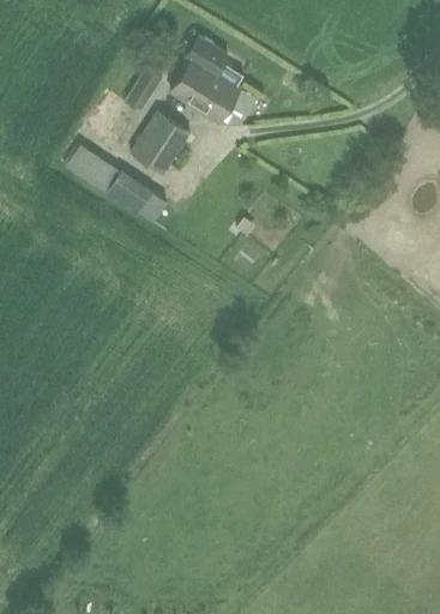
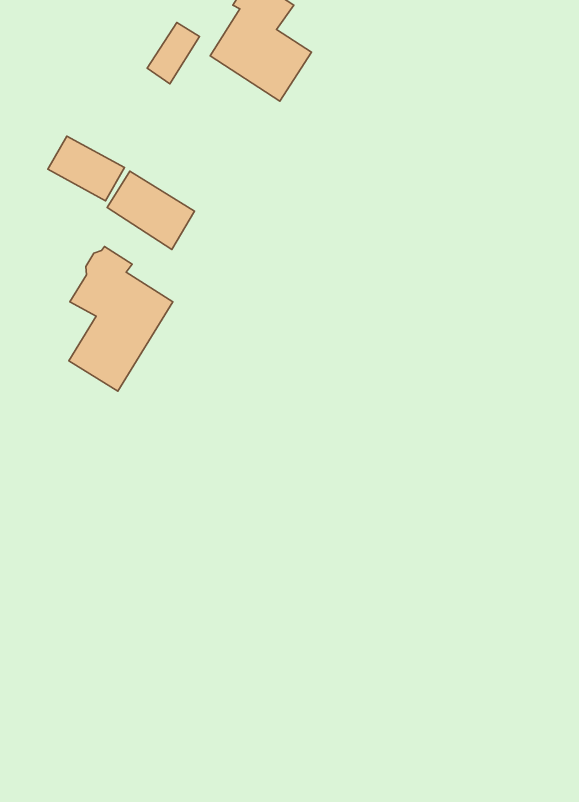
building: [132,110,191,174] -> none
building: none -> [69,247,173,391]

